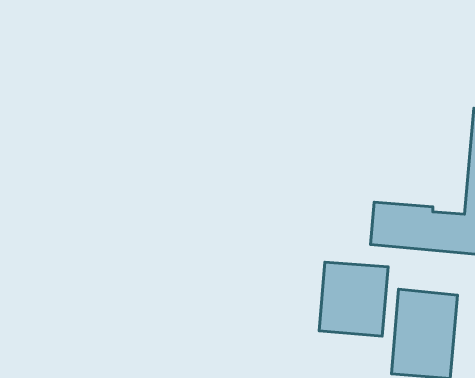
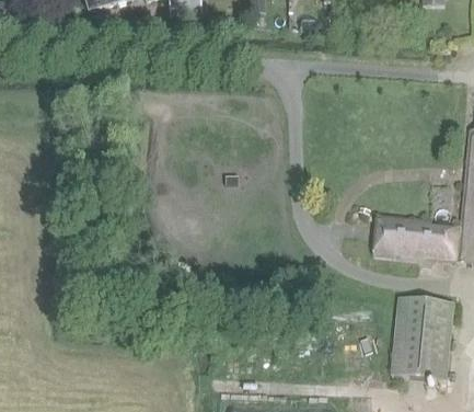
building: [319,262,388,336] -> none

